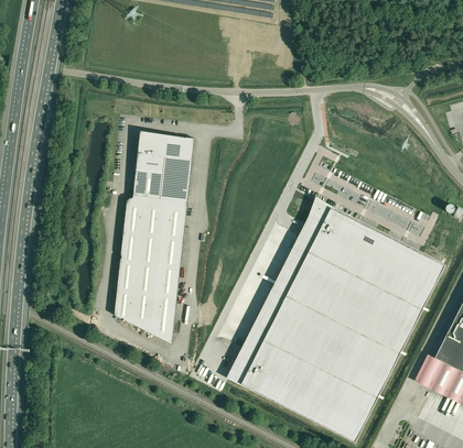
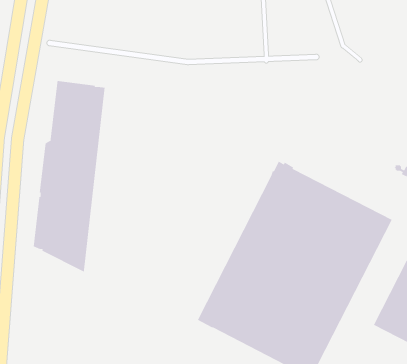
building: [115,130,195,342] -> [33,80,105,273]

